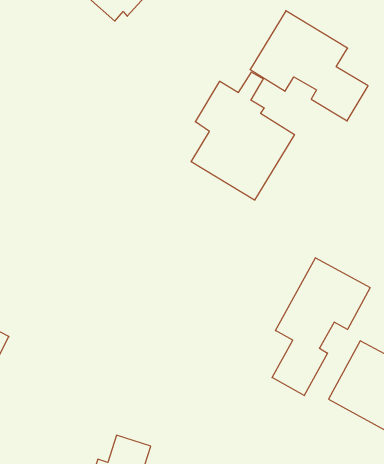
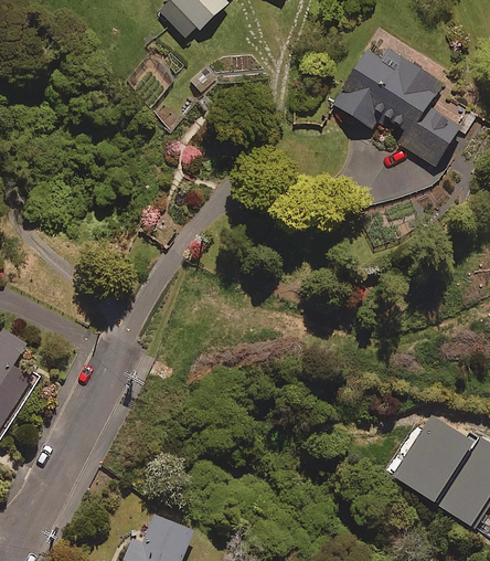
building: [191,72,294,200] -> none
building: [272,258,370,396] -> none

